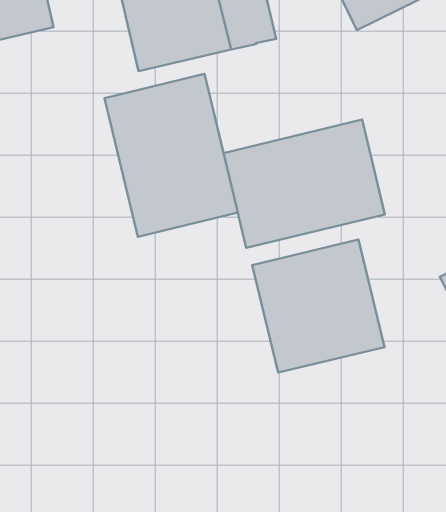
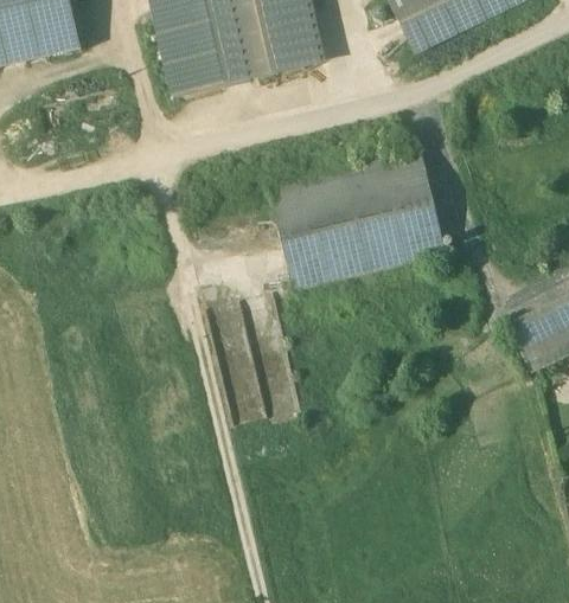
building: [105,74,238,237] -> none
building: [252,240,384,373] -> none

